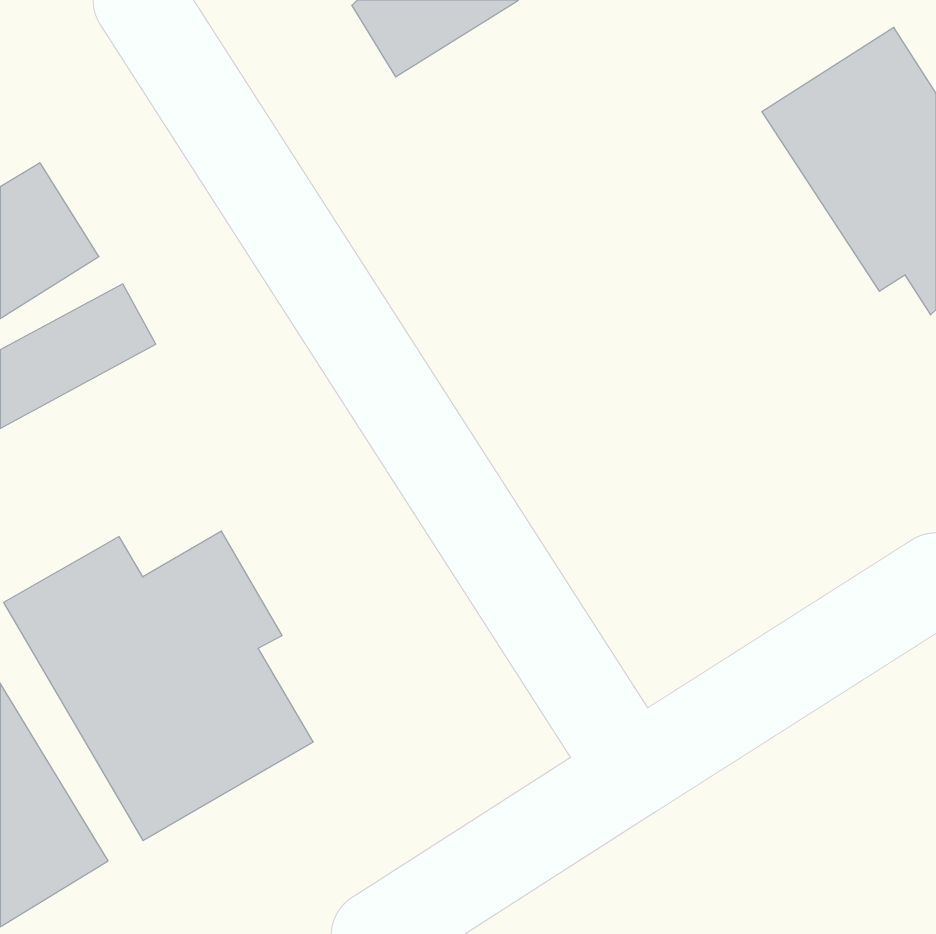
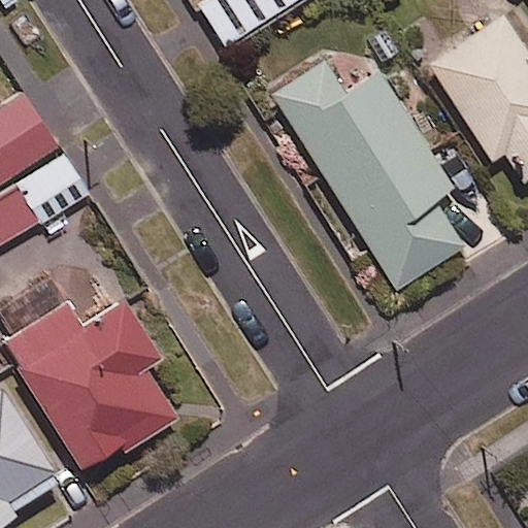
building: none -> [272,61,463,288]

